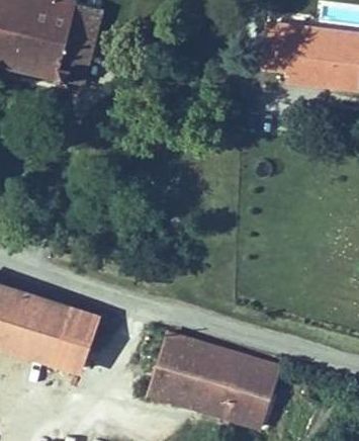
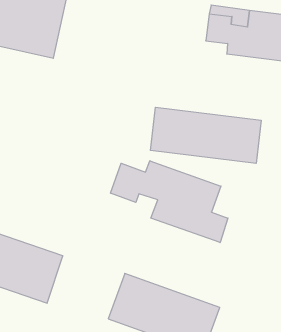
building: none -> [150,107,261,163]
building: none -> [111,161,228,243]

